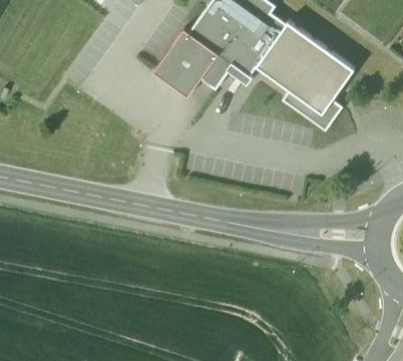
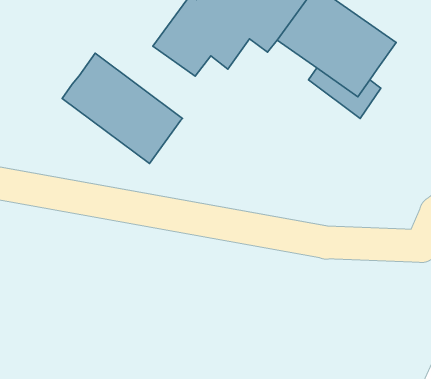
building: none -> [62,53,183,164]

